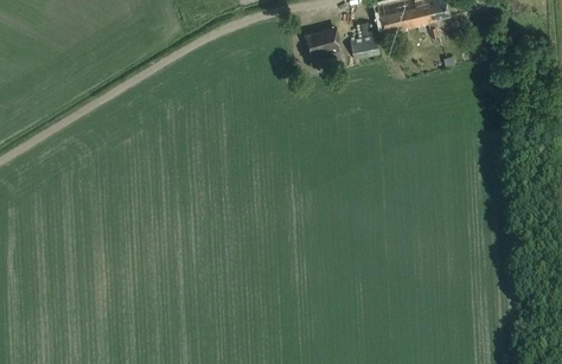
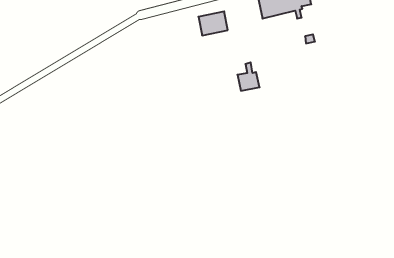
building: [350,21,379,59] -> [237,62,260,91]

